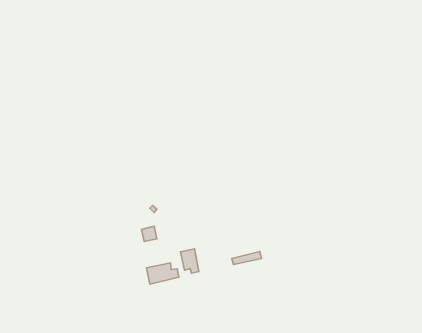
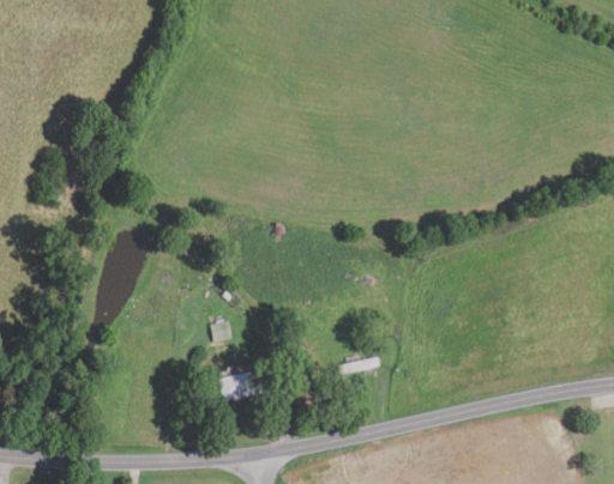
building: [181,249,199,273] -> none

